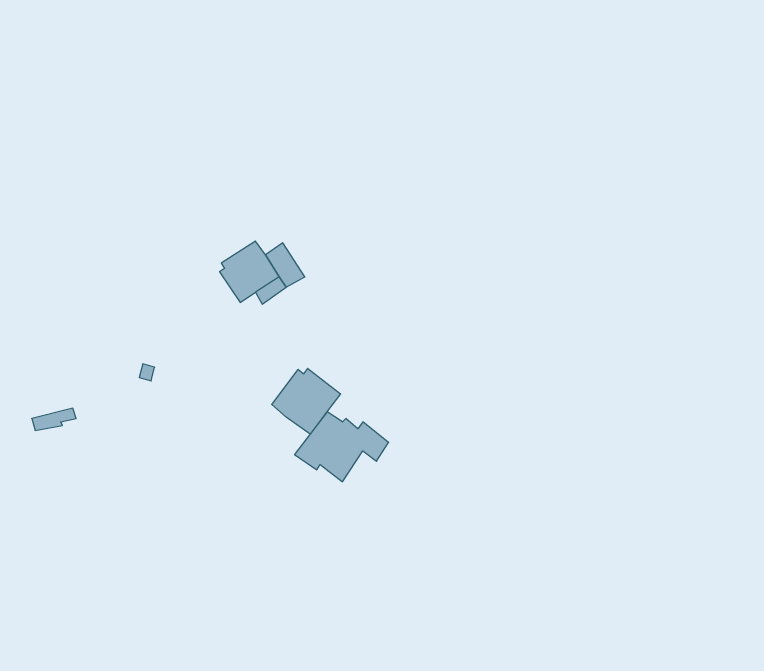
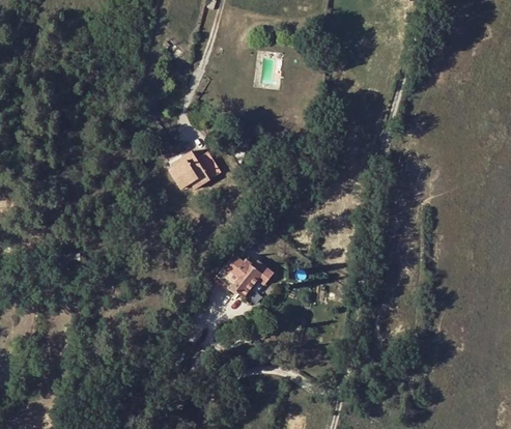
building: [272,368,341,434] -> none

